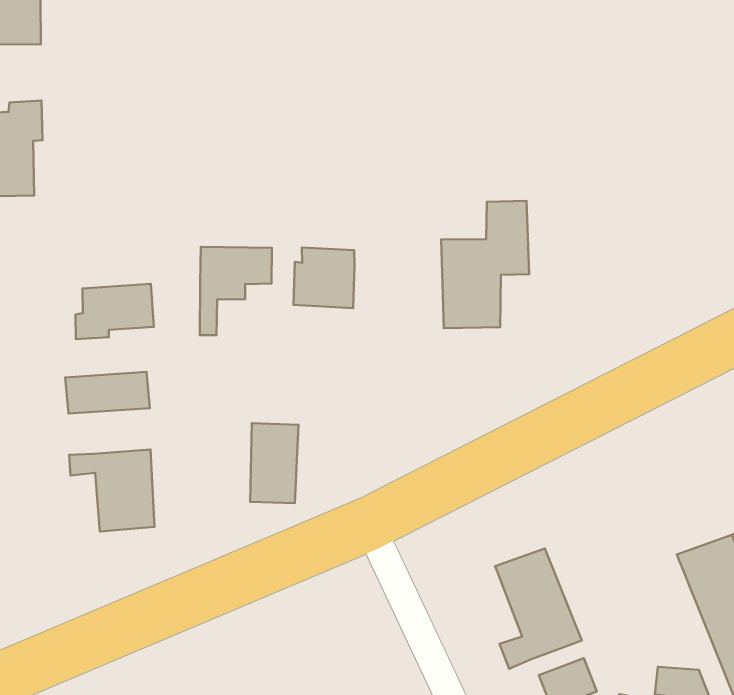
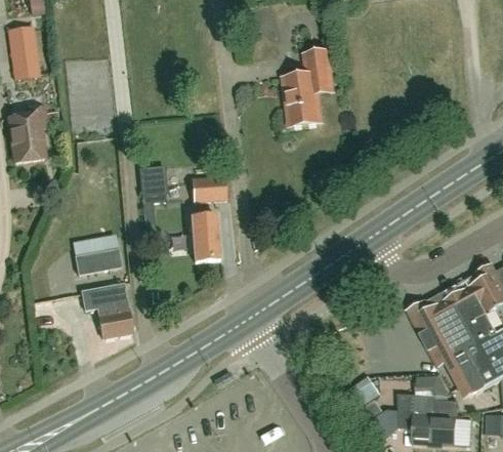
building: [441,201,529,328] -> [283,49,333,124]
building: [75,284,154,339] -> none
building: [250,423,298,503] -> [191,214,219,259]
building: [495,548,582,669] -> none

